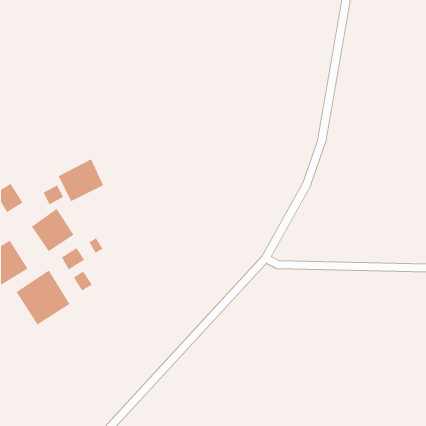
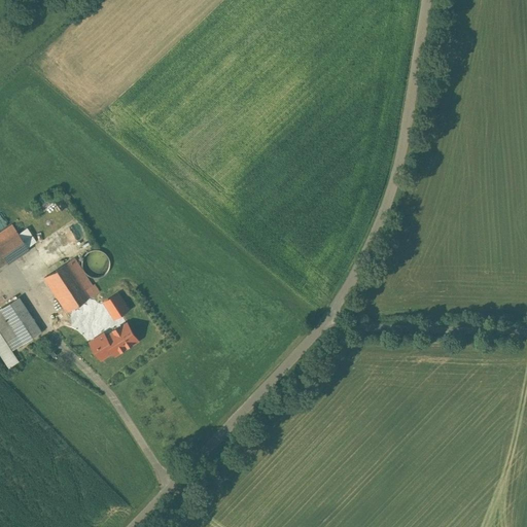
building: [57,158,104,202] -> none
building: none -> [106,323,140,355]
building: [15,269,70,326] -> none

